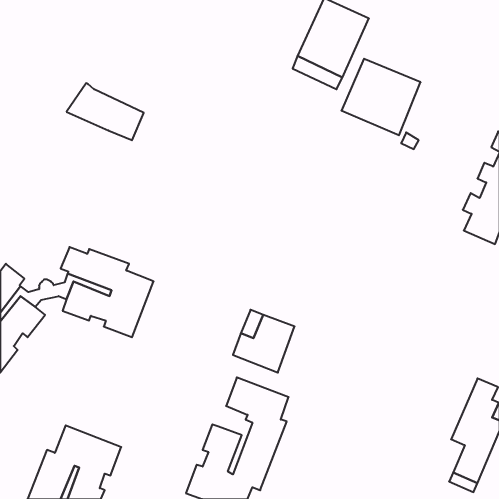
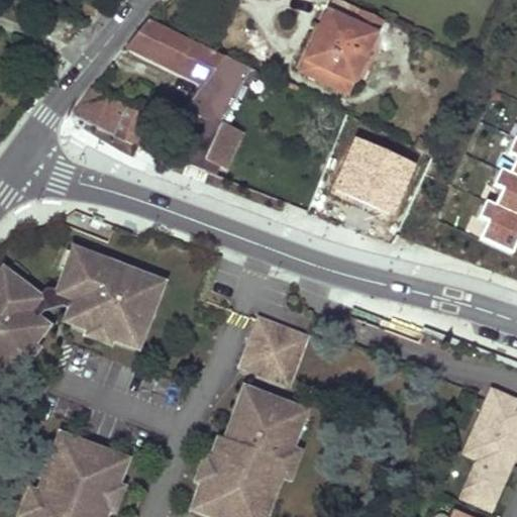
building: none -> [128,17,247,170]
building: [341,59,421,135] -> [332,137,414,216]
building: none -> [226,418,262,489]

